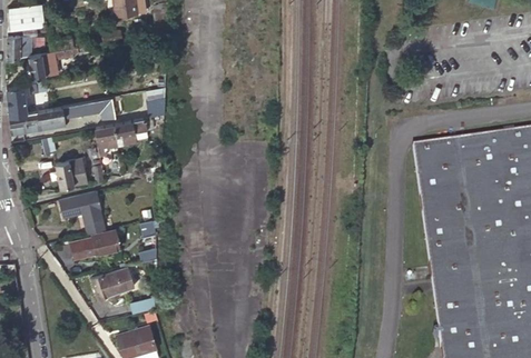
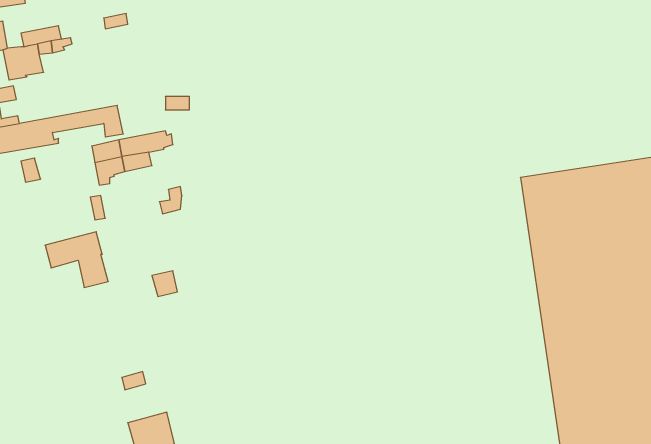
building: [56,157,86,186] -> none
building: [71,229,121,259] -> none
building: [92,269,135,299] -> none

